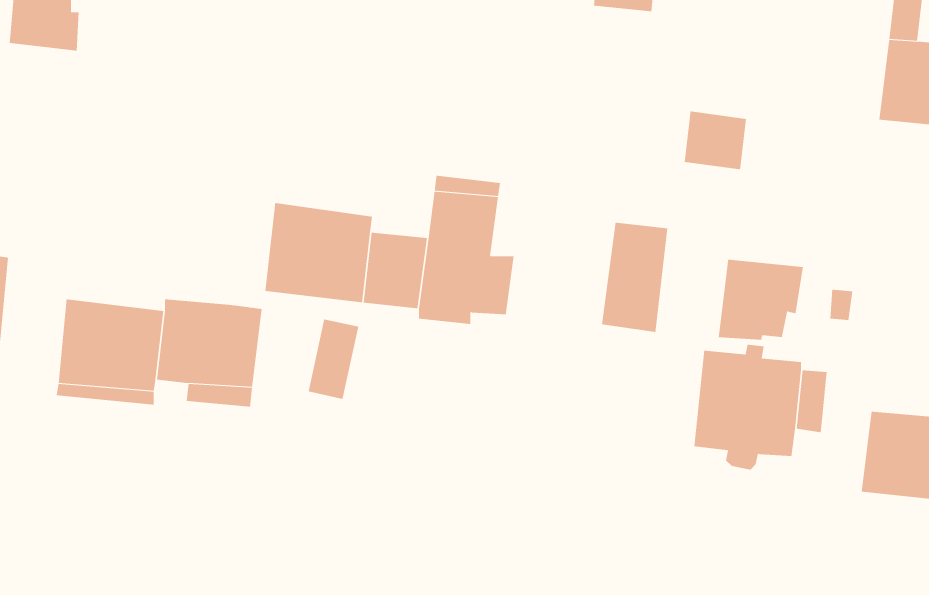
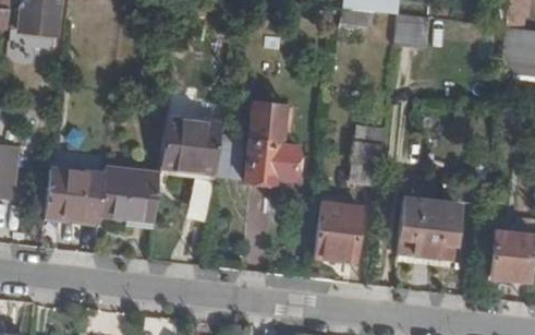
building: [684,111,747,170] -> [392,11,427,44]
building: [718,259,803,341] -> none
building: none -> [314,203,361,259]

